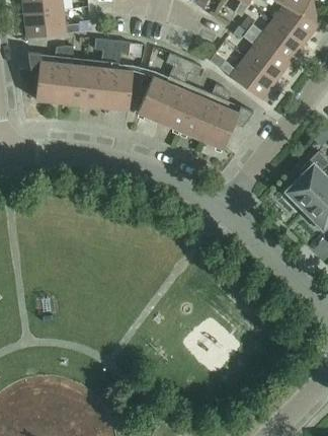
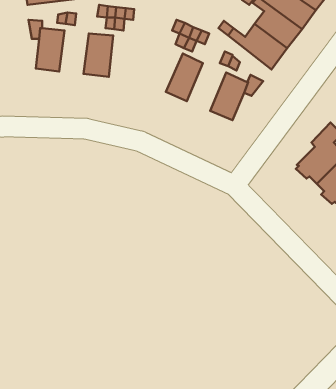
building: [58,63,86,104] -> none
building: [105,68,133,110] -> none
building: [138,76,176,122] -> none
building: [180,94,218,140] -> none

